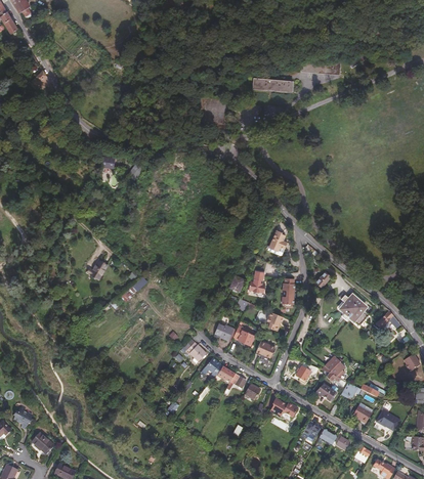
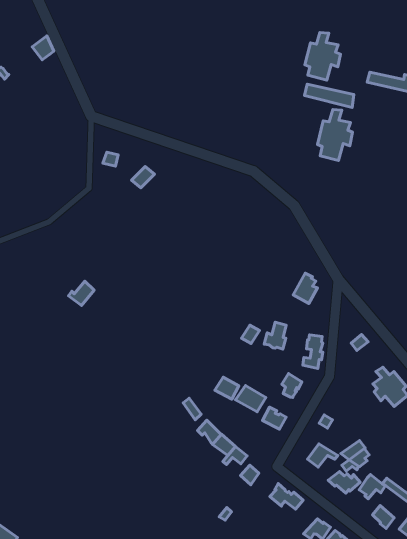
building: none -> [305,33,340,80]
building: none -> [317,110,353,160]

